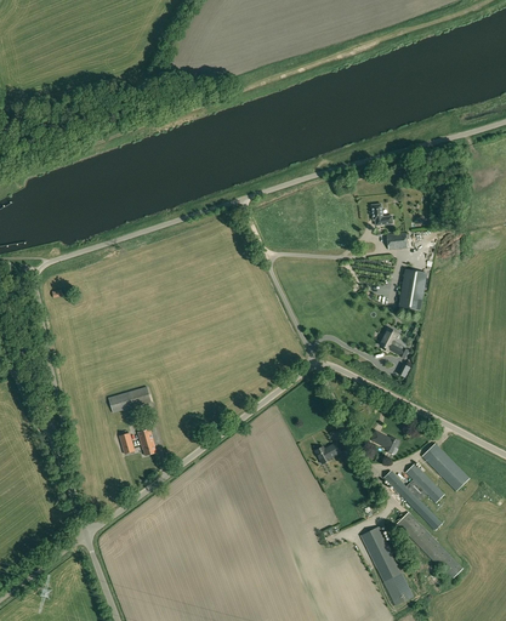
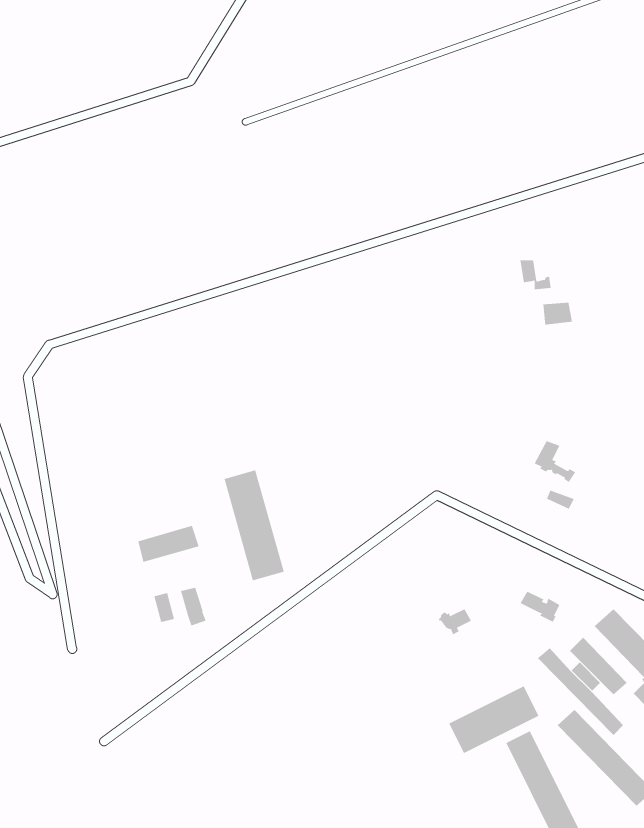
building: [398,268,426,309] -> none
building: none -> [224,470,284,581]
building: none -> [449,685,539,754]

